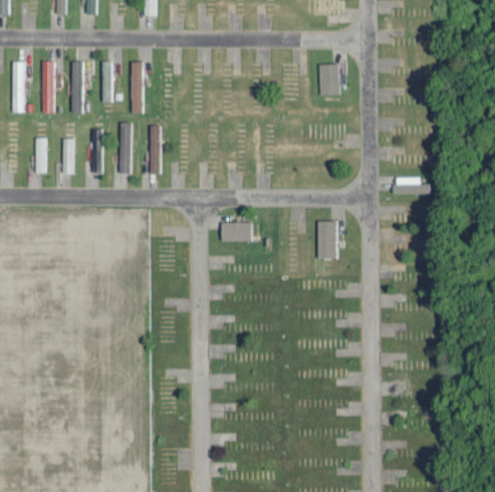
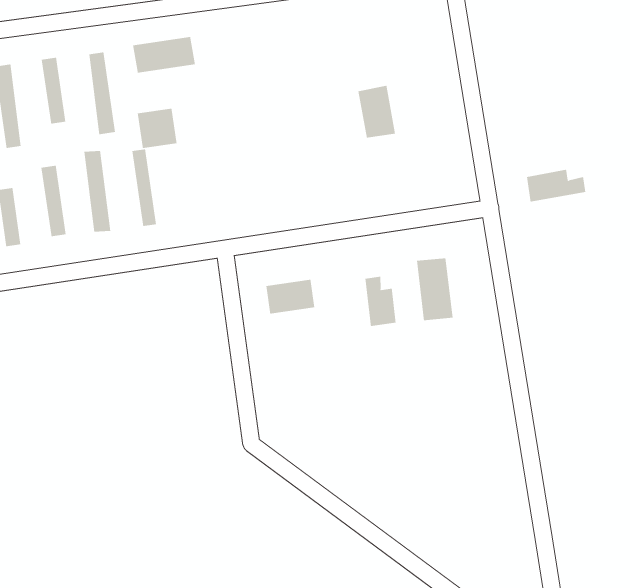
building: none -> [132,36,195,73]
building: [319,63,339,94] -> [358,85,396,138]
building: none -> [137,108,177,149]
building: none -> [365,276,396,327]

